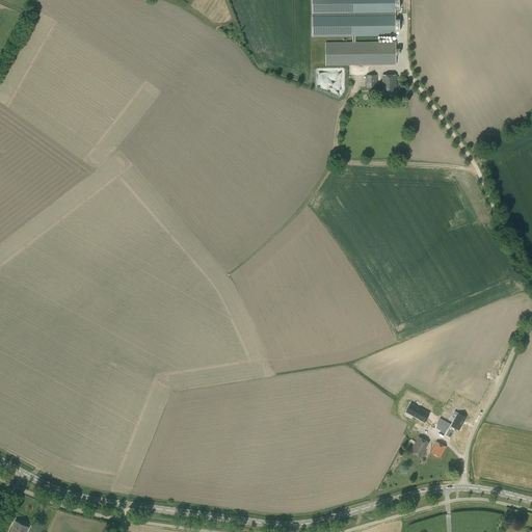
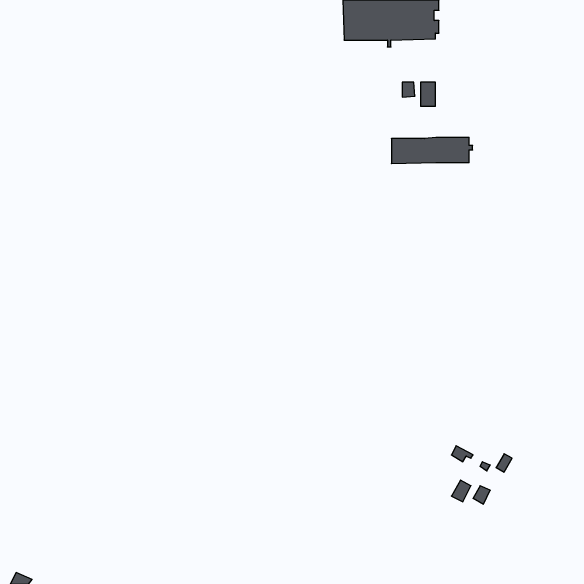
building: [325,42,399,65] -> [391,137,473,164]

